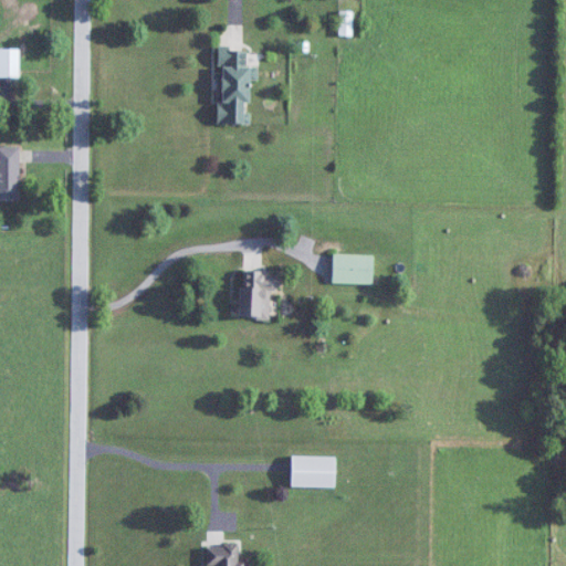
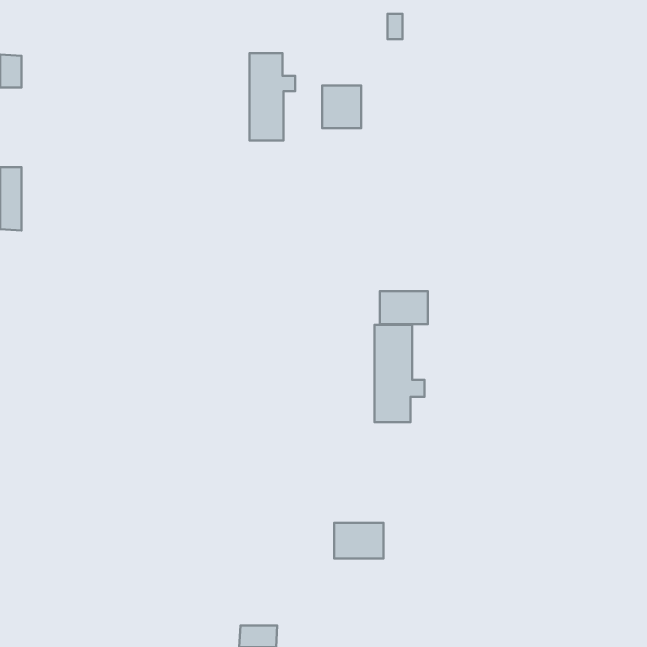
building: none -> [322,85,361,128]
building: [240,271,264,317] -> none
building: none -> [374,325,425,422]

